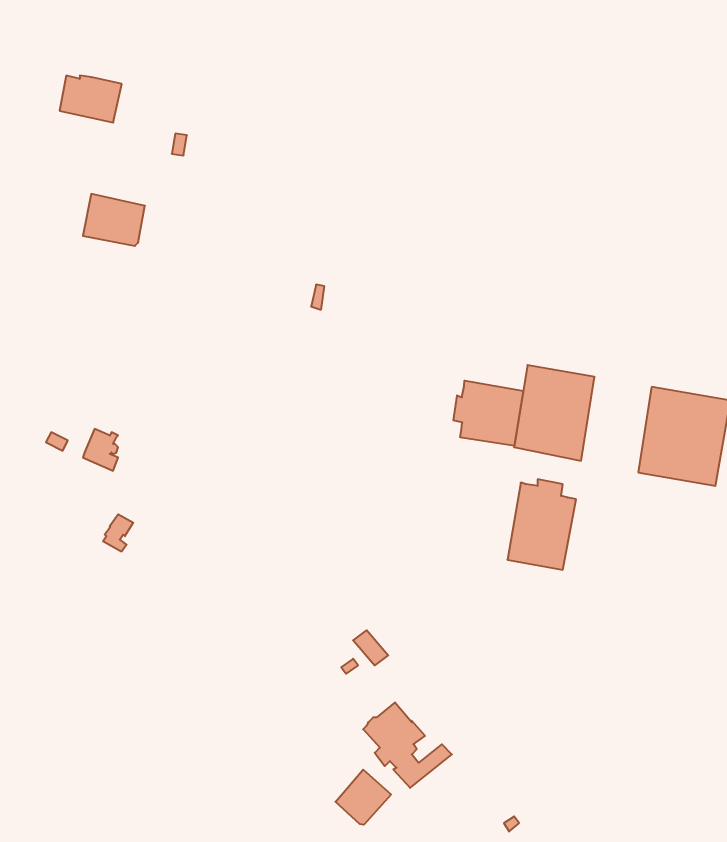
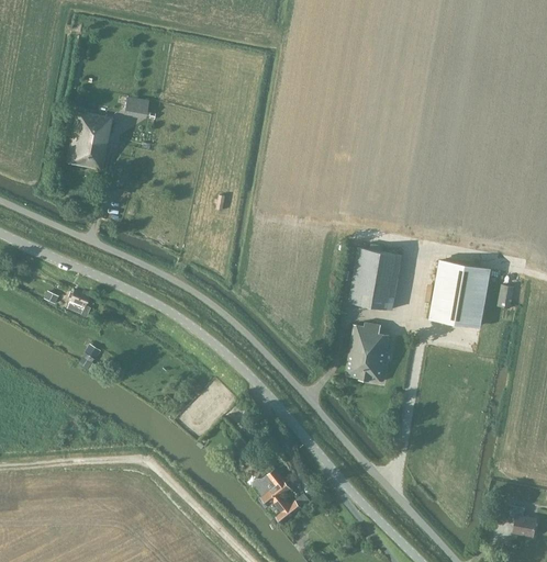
building: [60,76,122,123] -> [74,113,114,144]
building: [453,381,523,446] -> none
building: [335,770,391,825] -> none

